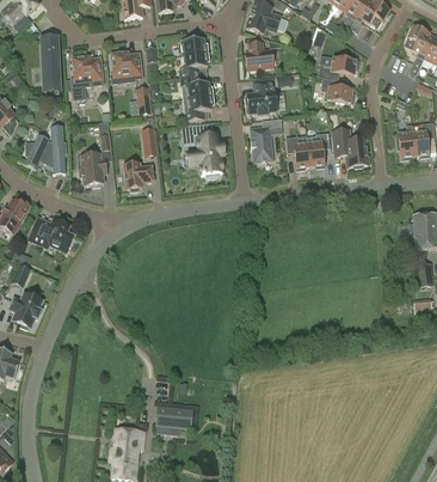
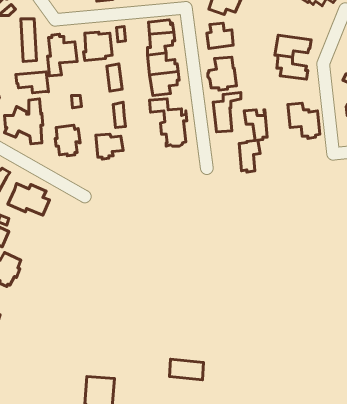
building: none -> [16,72,49,93]
building: [307,133,330,167] -> [239,140,260,172]
building: [155,405,192,428] -> [169,359,203,380]

